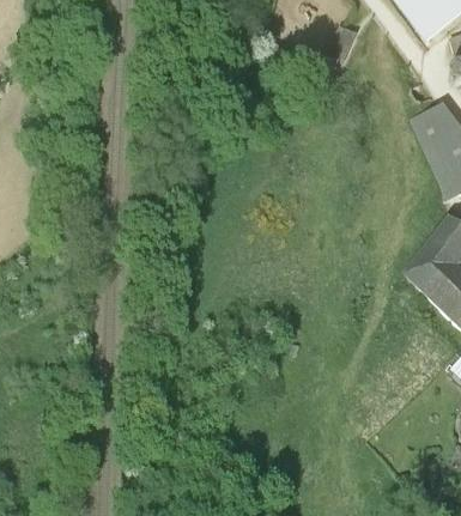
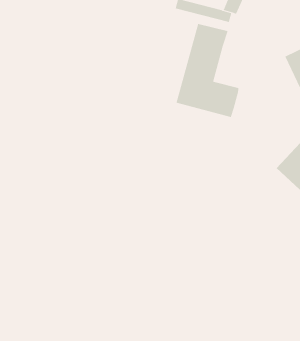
building: none -> [176,23,239,118]

